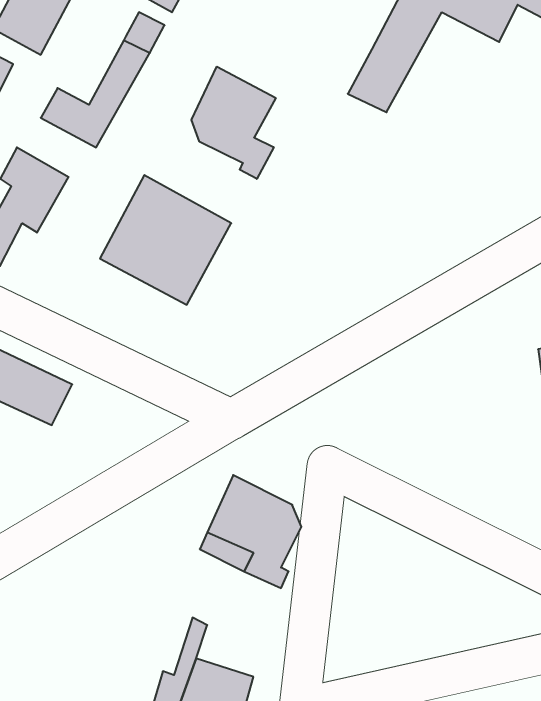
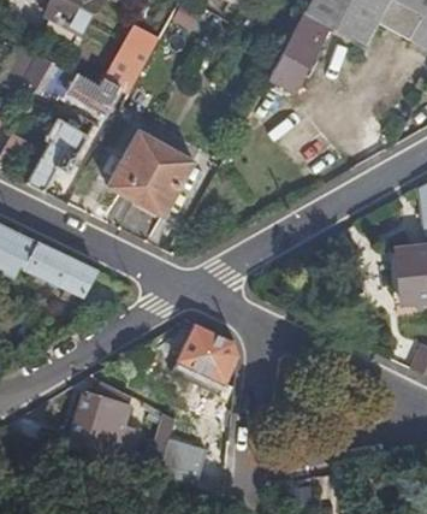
building: [192,67,276,179] -> none
building: none -> [69,380,136,459]

